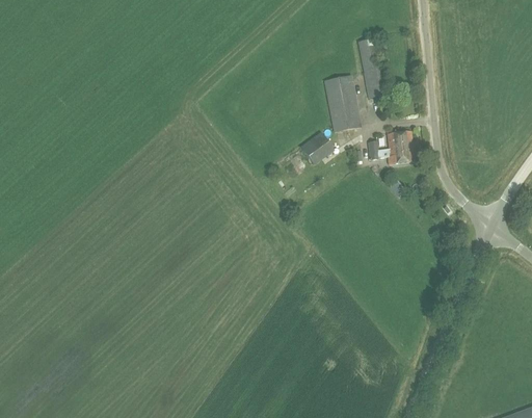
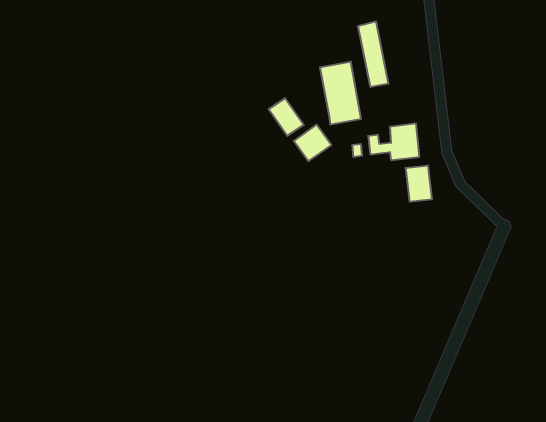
building: none -> [269,98,304,136]
building: none -> [406,165,432,202]

